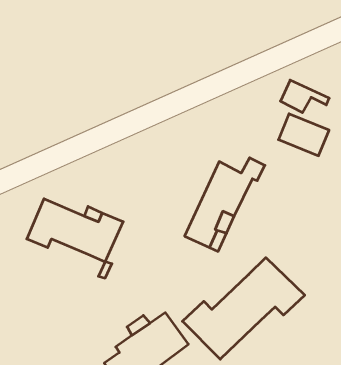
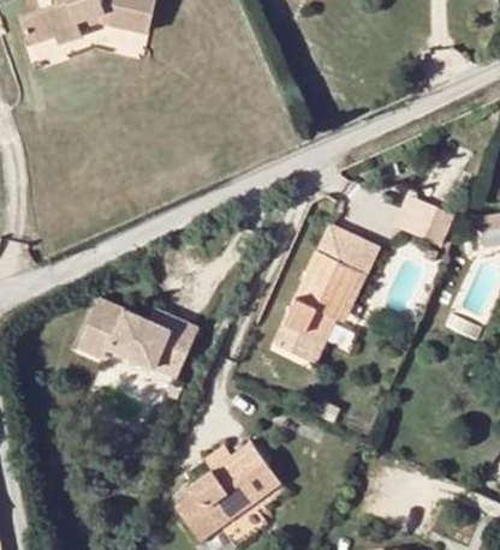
building: [280,80,329,113] -> [319,226,380,267]
building: [182,258,305,359] -> none

